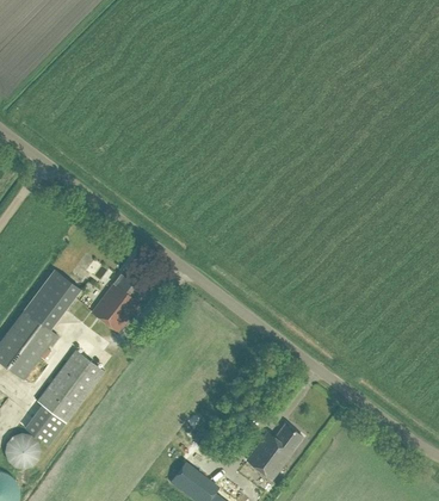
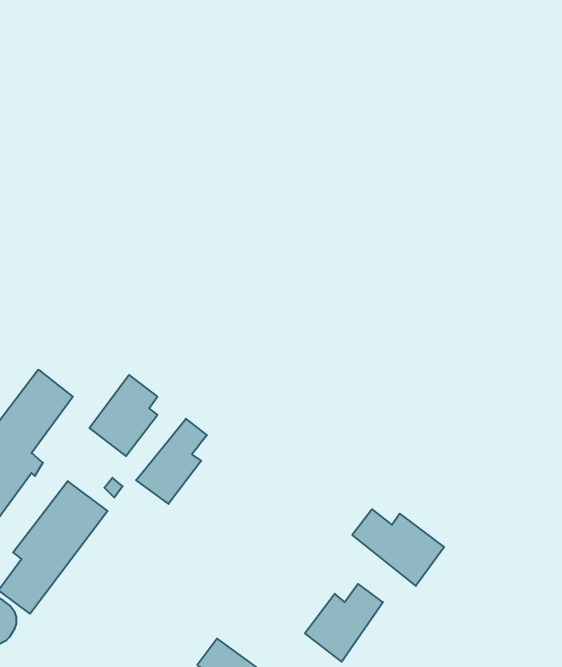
building: none -> [136,419,207,504]
building: none -> [352,509,444,586]

